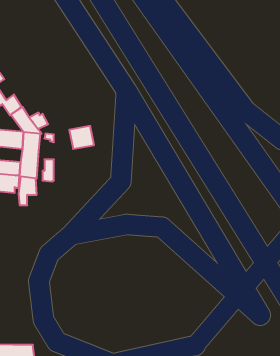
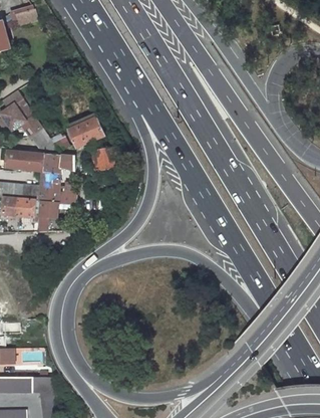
building: none -> [68,118,104,148]

